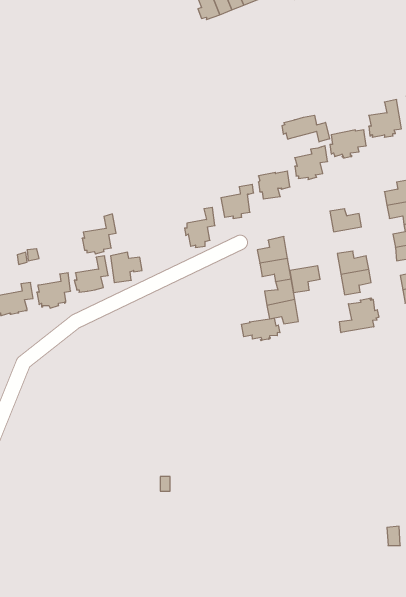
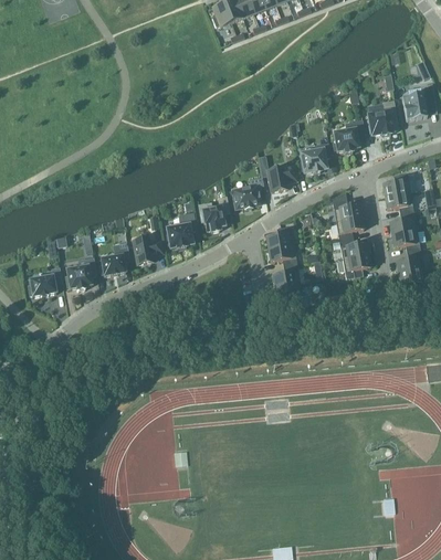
building: [282,115,330,142] -> none
building: [82,214,116,254] -> [166,210,197,246]
building: [290,266,320,292] -> [336,214,364,239]
building: [339,298,379,333] -> none
building: [242,318,280,341] -> none

